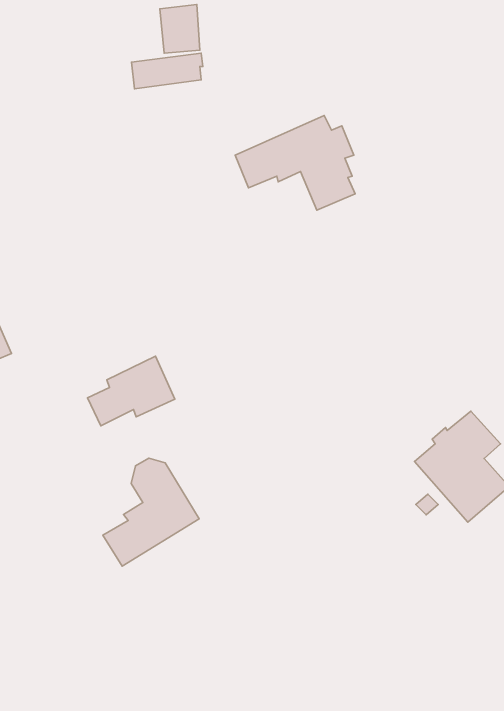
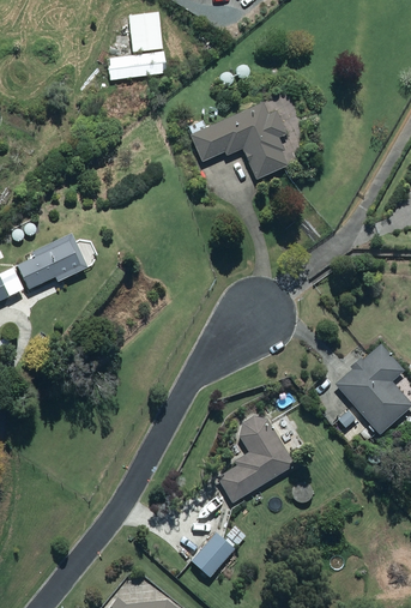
building: [87,356,175,426] -> [17,231,87,288]
building: [103,458,199,566] -> [216,415,294,502]
building: none -> [191,531,234,576]

